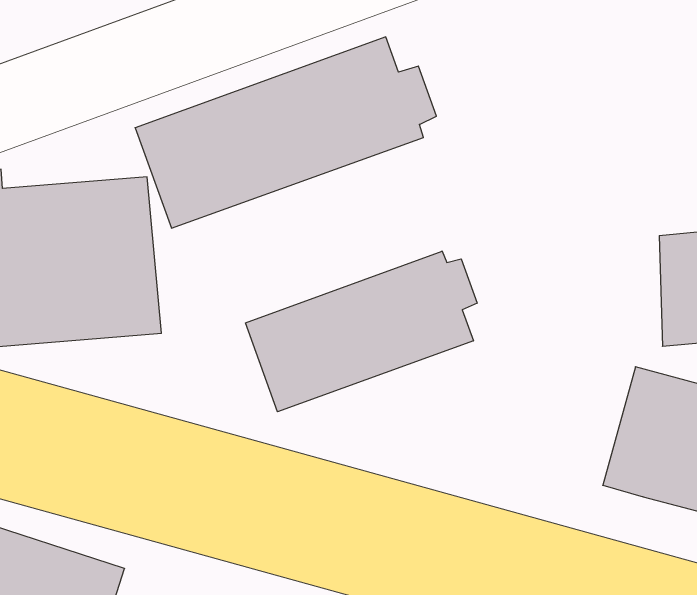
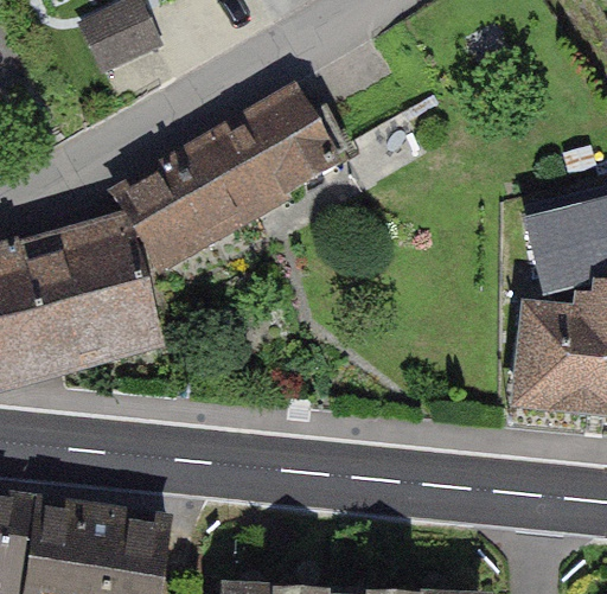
building: [246,251,477,412] -> none

